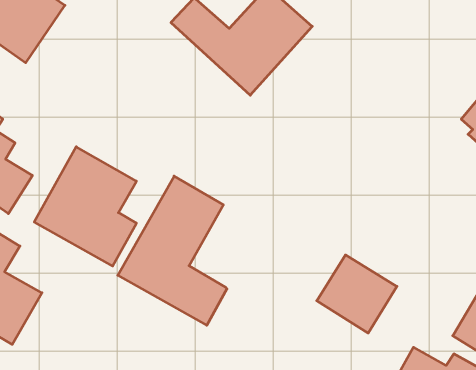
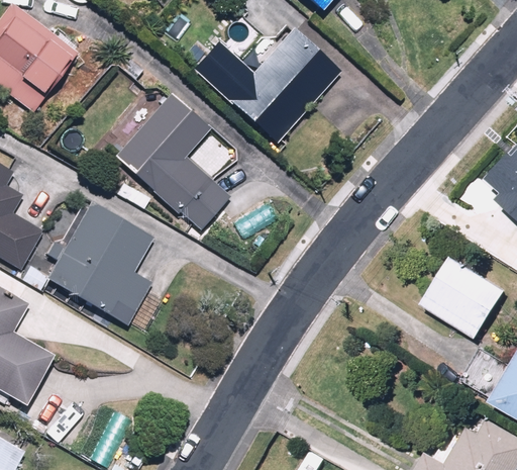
building: none -> [113,91,230,231]
building: [118,176,227,325] -> none
building: [317,255,397,333] -> [419,254,504,337]

